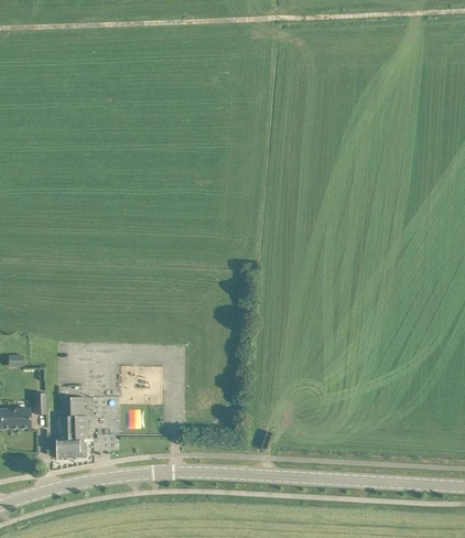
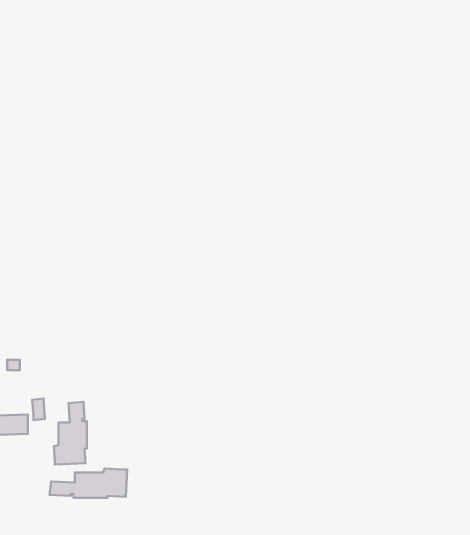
building: none -> [50,468,127,498]

